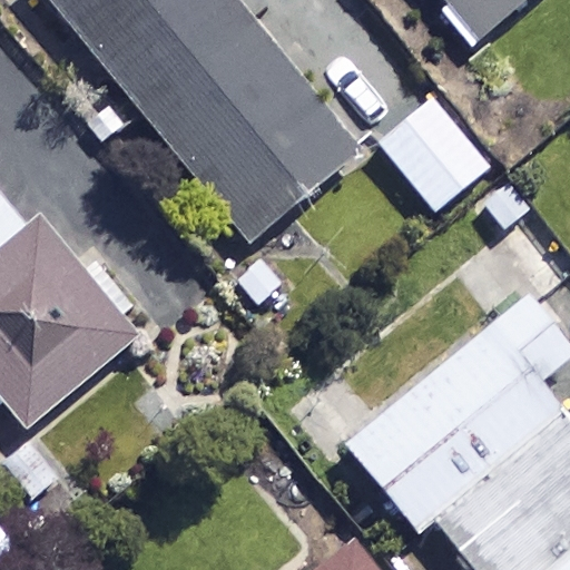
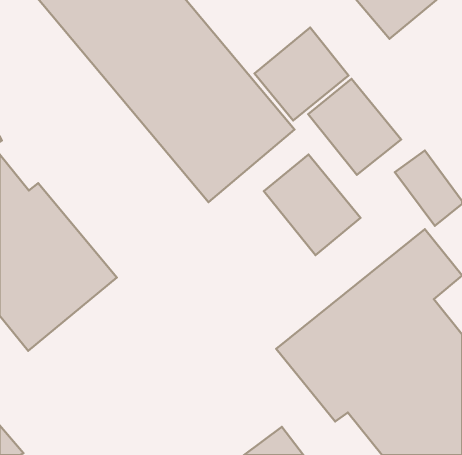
building: none -> [254,27,349,121]
building: none -> [264,155,360,255]

